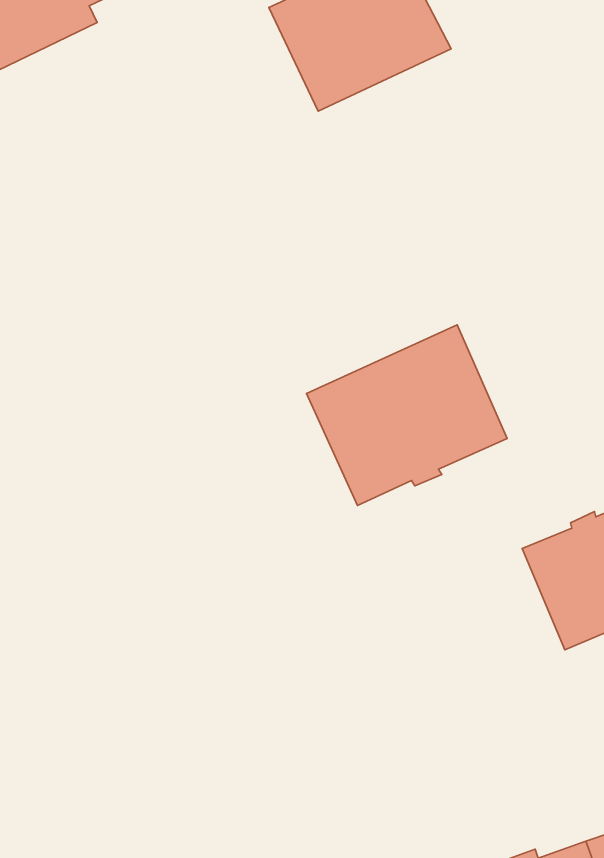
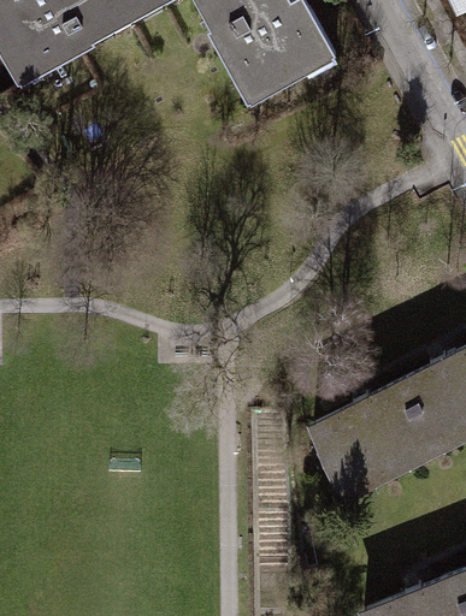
building: [306,325,507,505] -> none
building: none -> [312,383,431,494]

